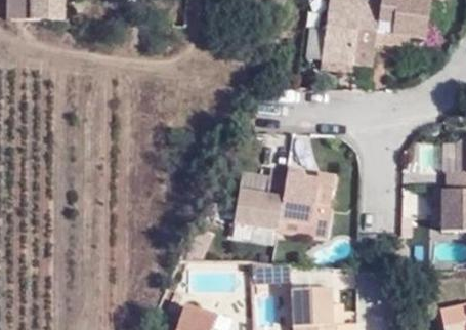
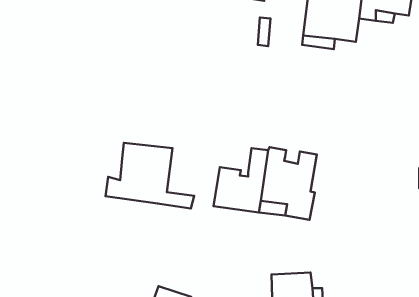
building: none -> [106,143,194,208]

